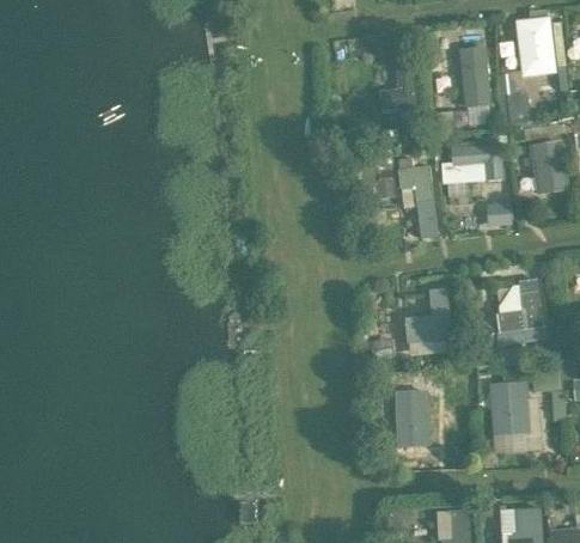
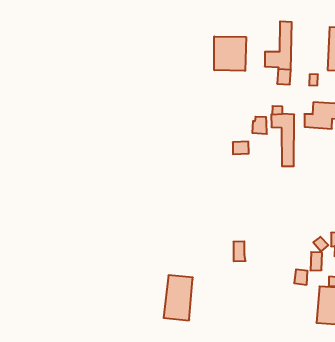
building: none -> [214,36,246,71]
building: [407,291,452,342] -> none
building: [396,390,431,447] -> [164,275,193,320]

